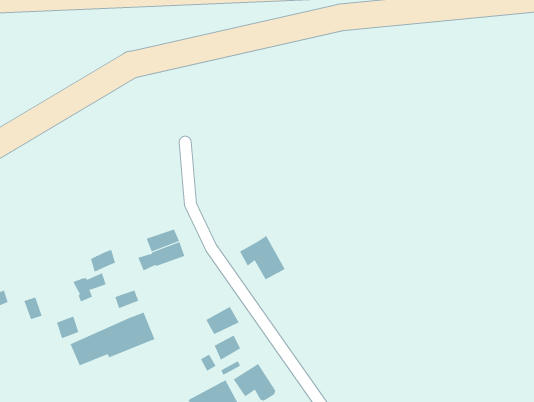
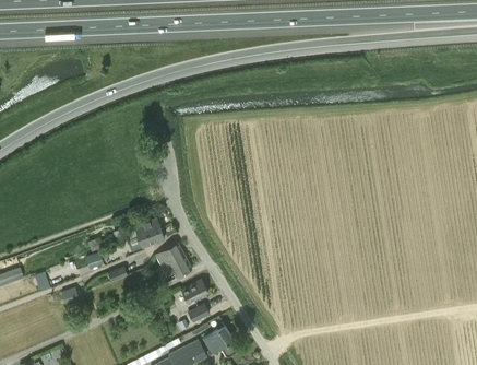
building: [239,235,285,280] -> [156,239,193,275]
building: [70,312,155,366] -> none

